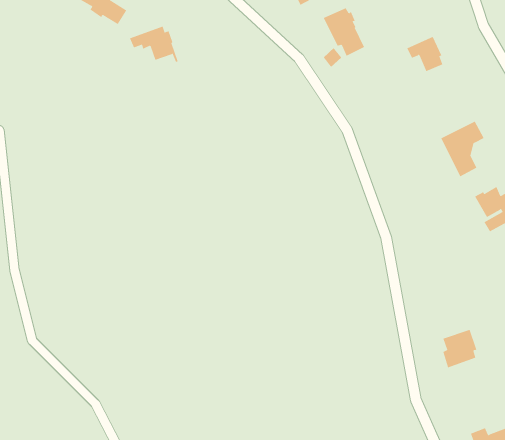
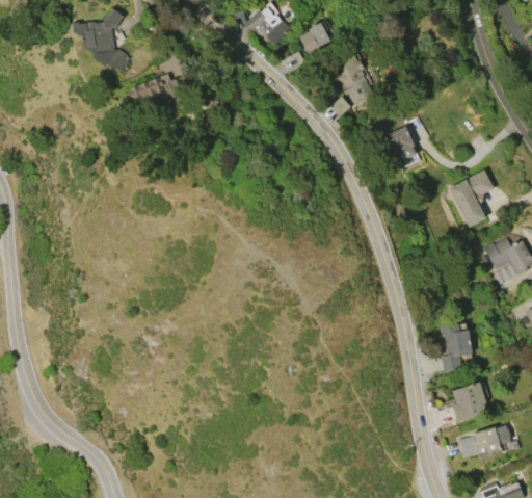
building: [406,36,443,72] -> [378,126,416,162]
building: none -> [441,323,472,372]
building: none -> [459,427,502,460]

